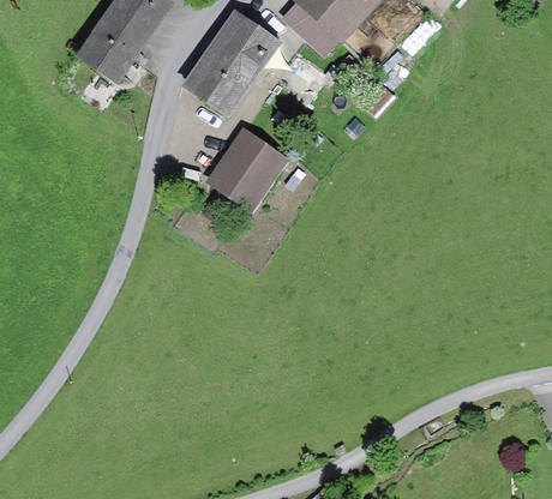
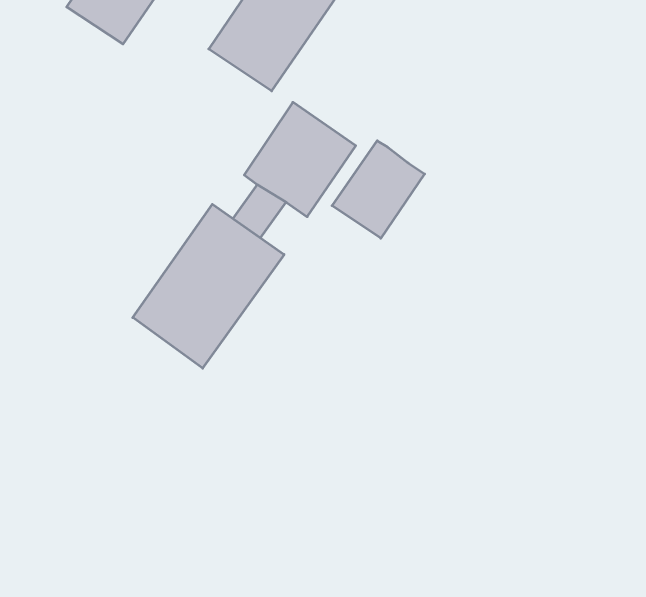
building: none -> [332,141,425,238]
building: none -> [133,204,284,368]

